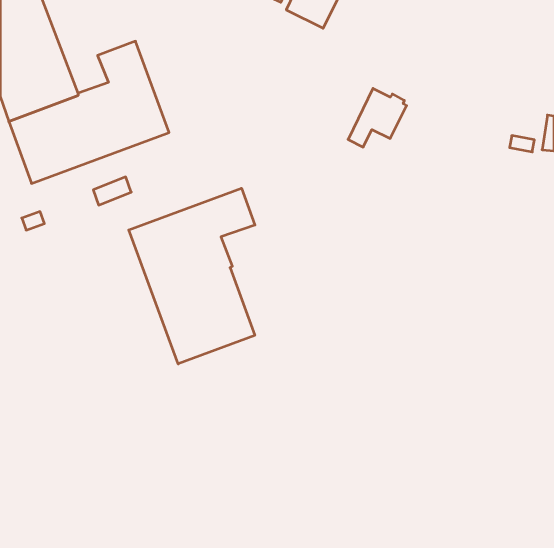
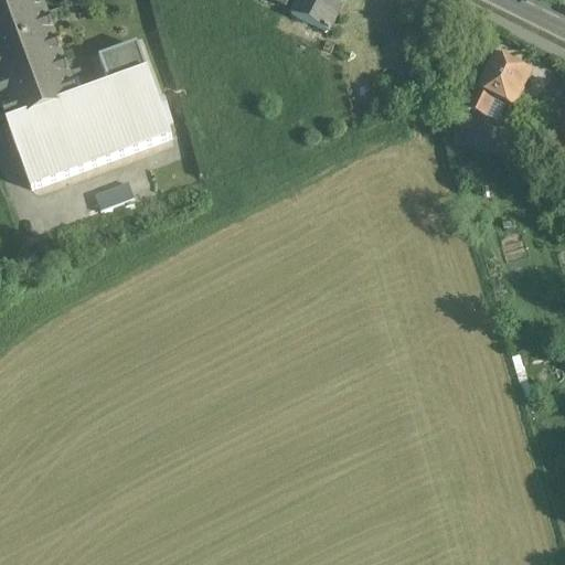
building: [348,88,407,147] -> [470,53,530,113]
building: [129,188,255,364] -> none

